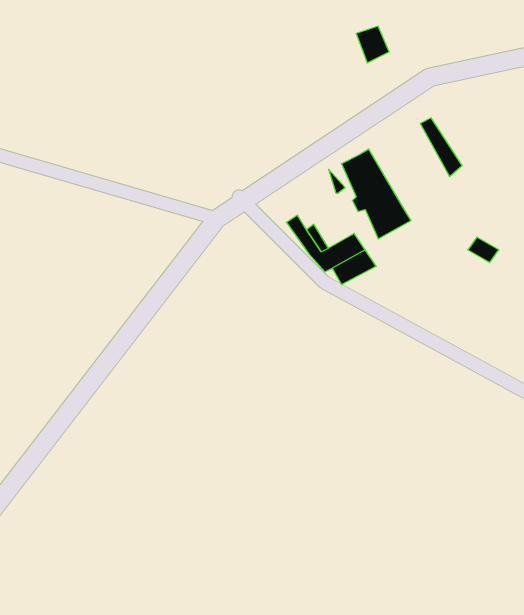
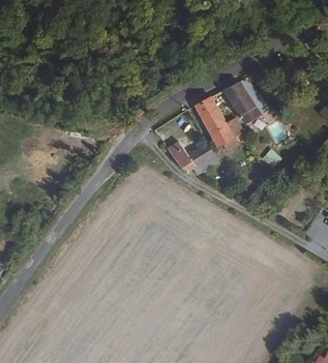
building: none -> [225,84,255,123]

